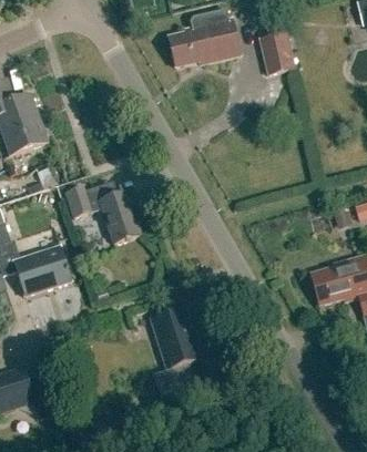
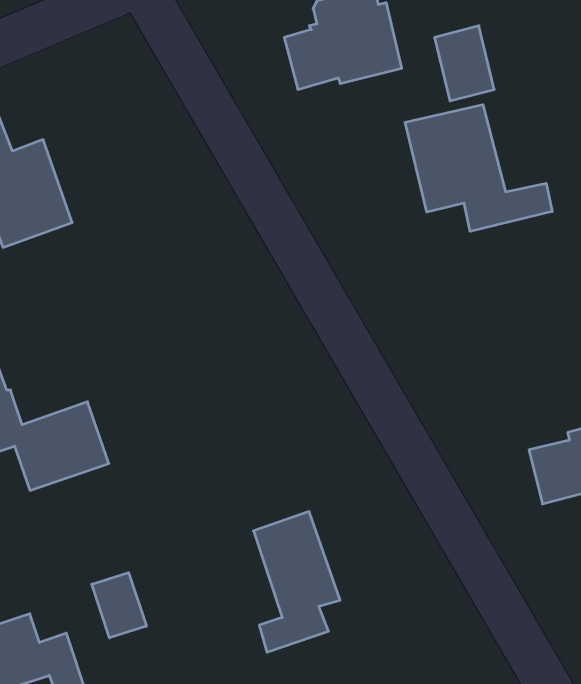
building: none -> [405,105,552,231]
building: [67,183,140,243] -> none
building: none -> [92,573,146,638]

